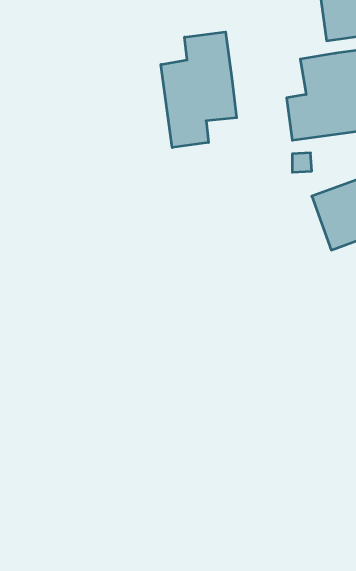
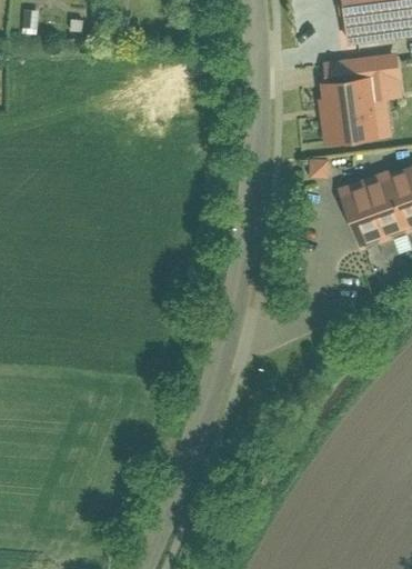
building: [161,32,237,148] -> none

